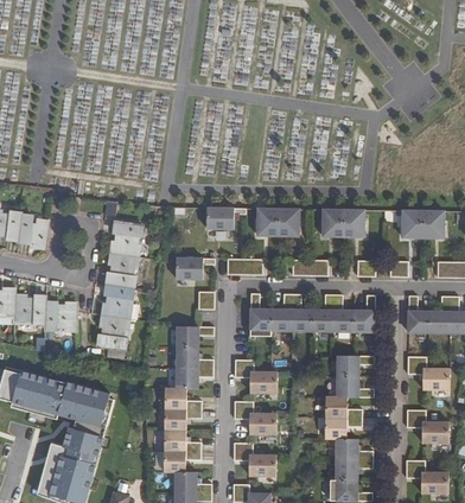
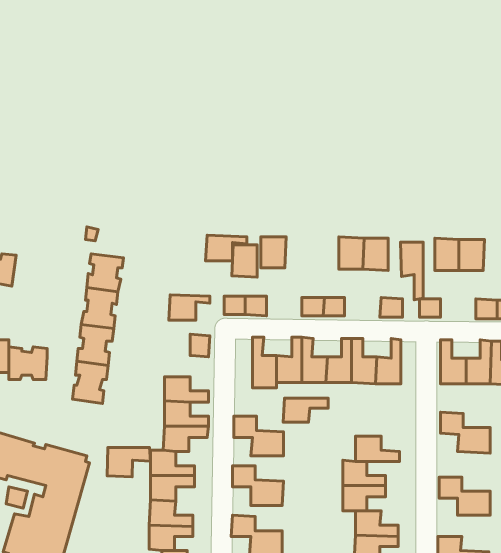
building: [276,209,298,236] -> [232,245,257,277]
building: none -> [400,242,423,300]
building: [336,356,374,376] -> [283,398,328,422]
building: none -> [107,448,150,477]

